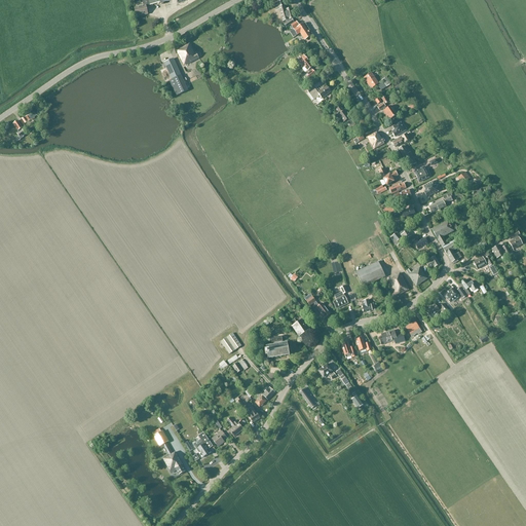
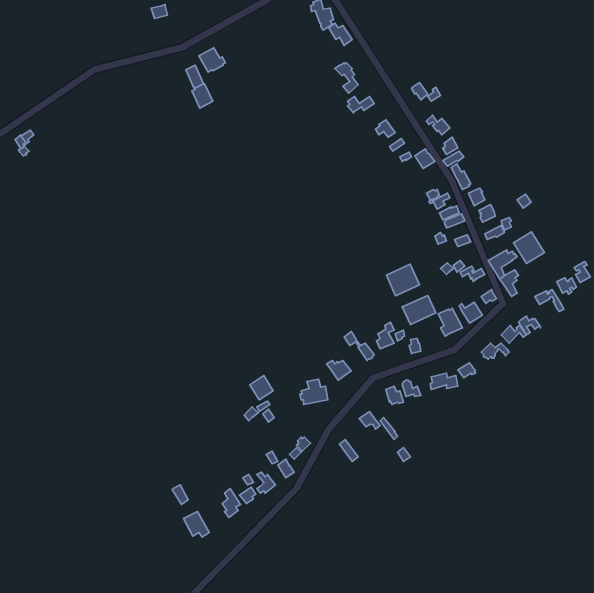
building: none -> [513,232,544,264]
building: none -> [386,264,419,296]

